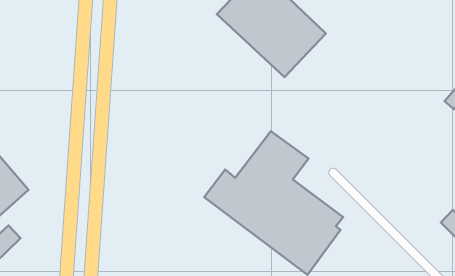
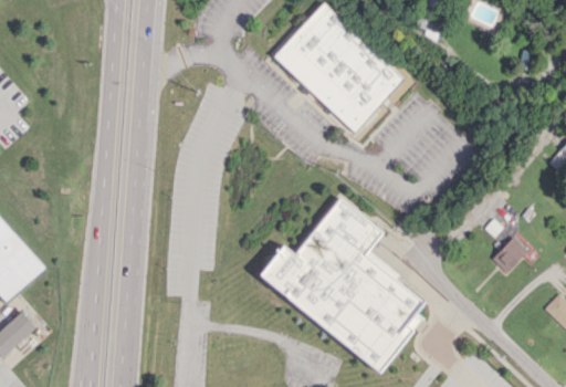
building: none -> [492,237,527,273]

